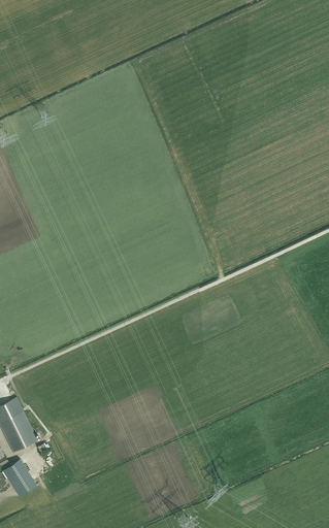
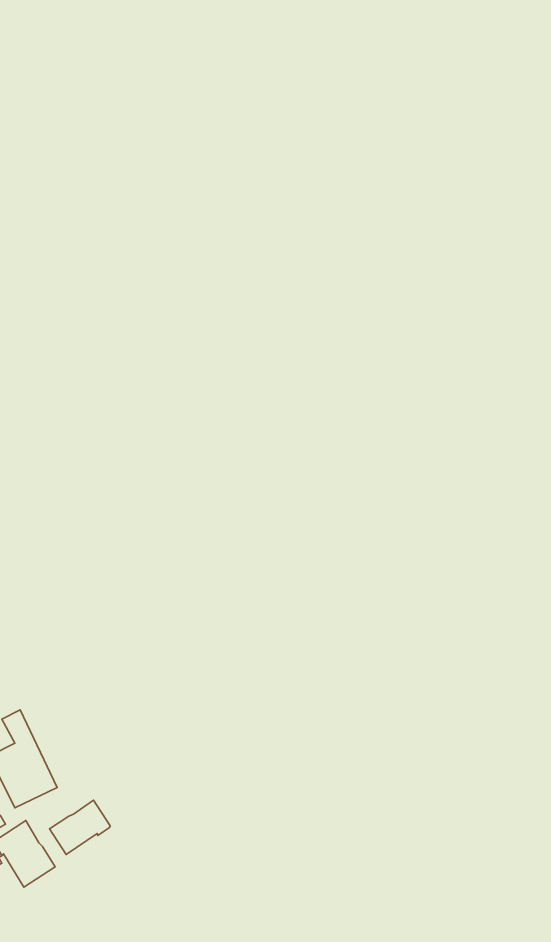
building: none -> [50,800,110,855]

